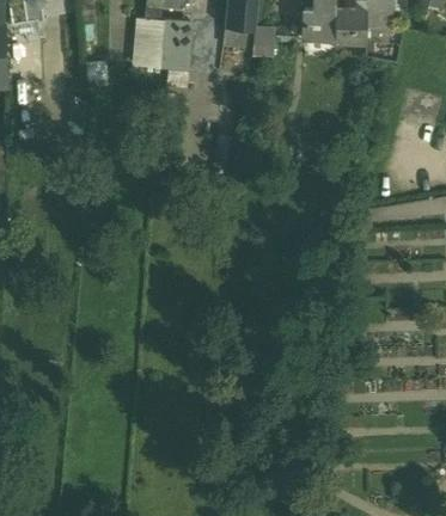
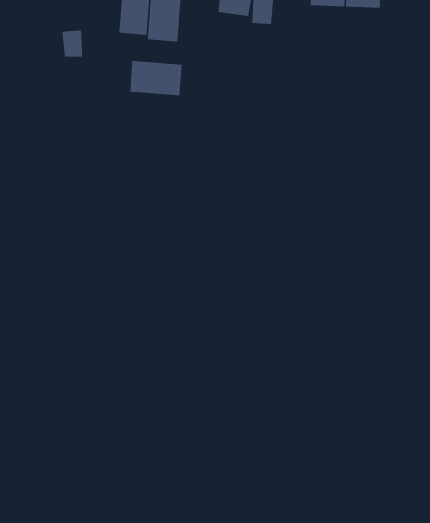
building: none -> [130,60,182,96]

